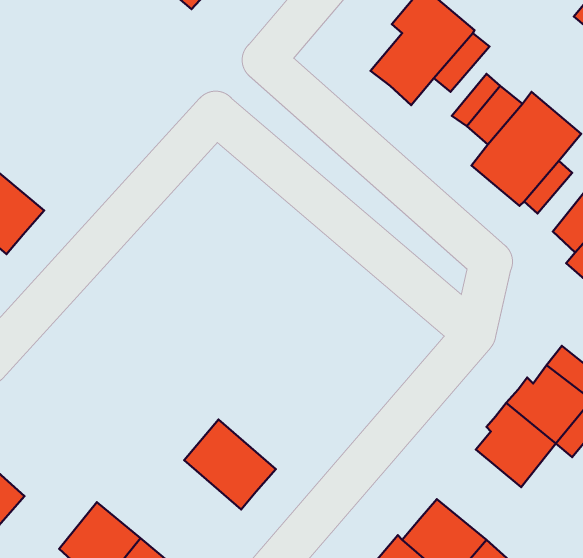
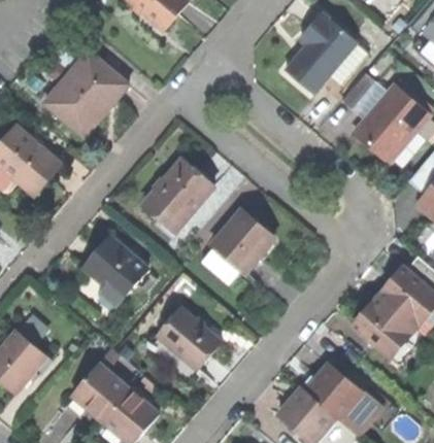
building: none -> [49,60,128,135]
building: none -> [143,161,214,233]
building: none -> [211,212,271,273]
building: none -> [82,236,142,295]

